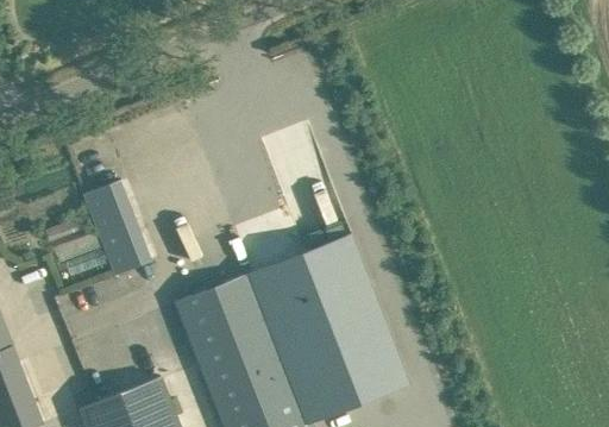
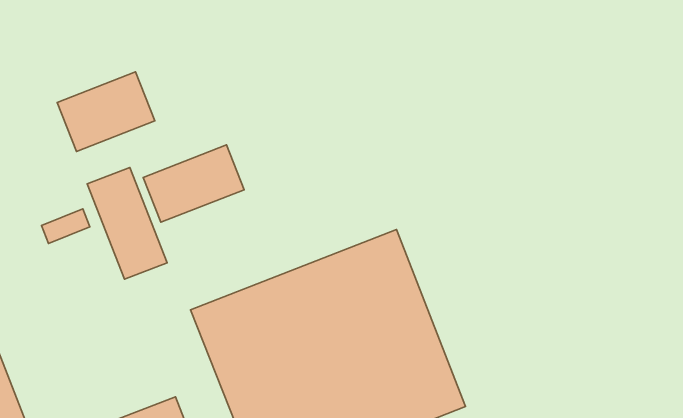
building: none -> [57,72,155,152]
building: none -> [143,145,244,222]

